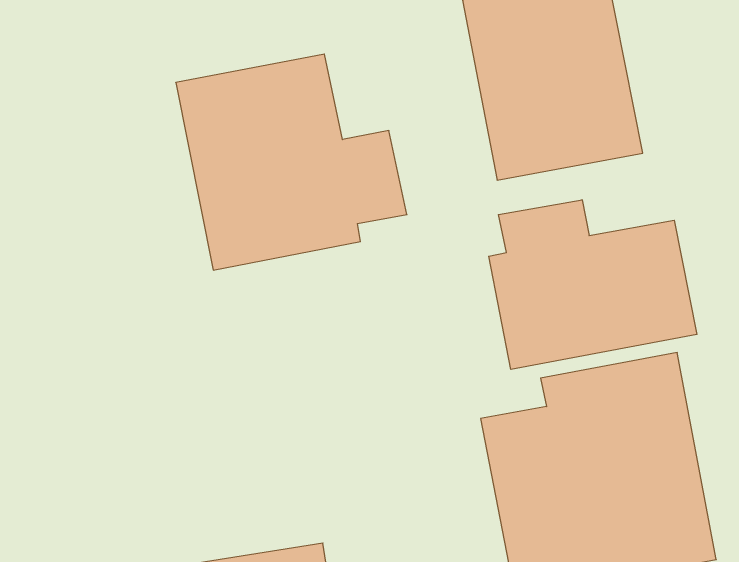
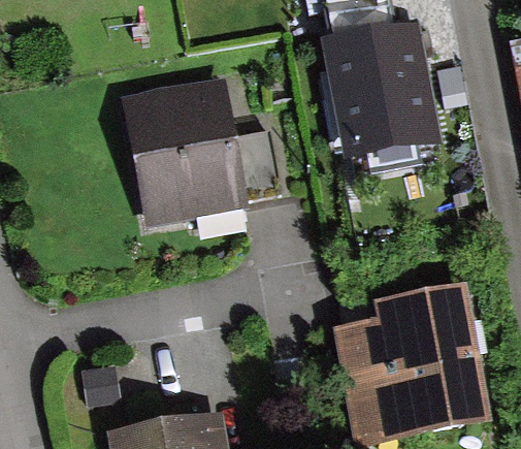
building: [489,200,697,369] -> none

